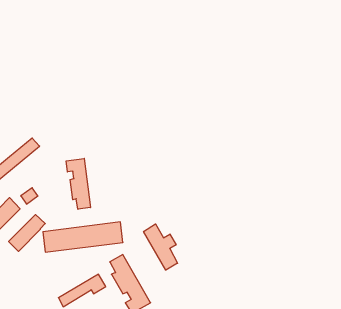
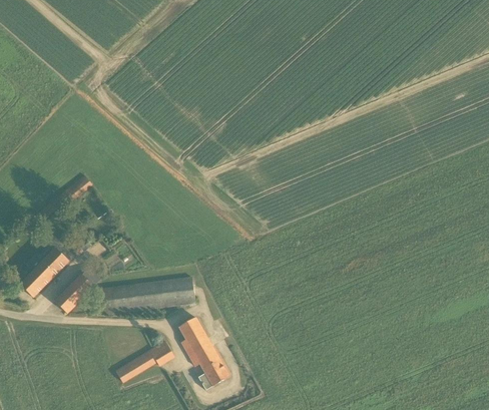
building: [66,158,90,209] -> none
building: [144,224,178,270] -> none

